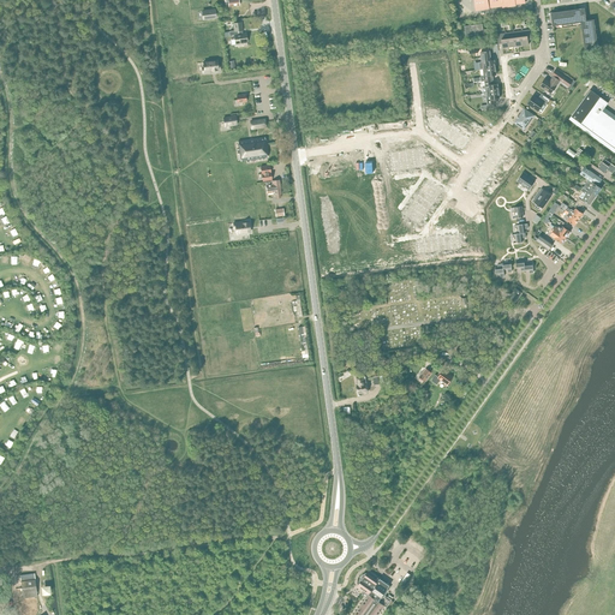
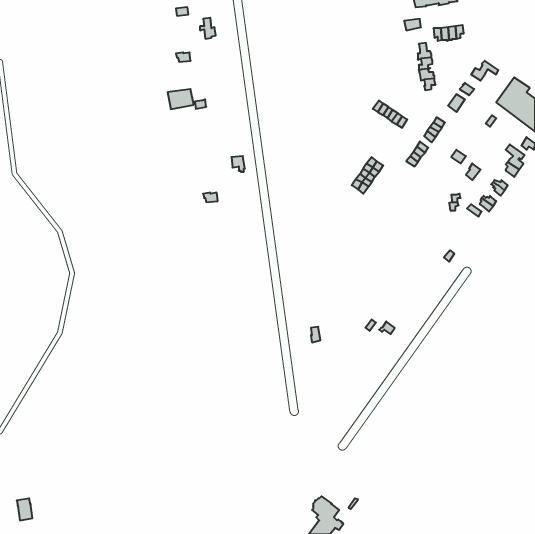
building: [551,7,598,48] -> none
building: [238,137,268,160] -> [168,89,194,109]

